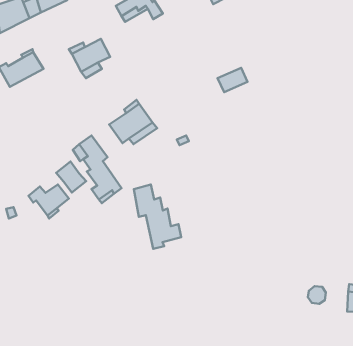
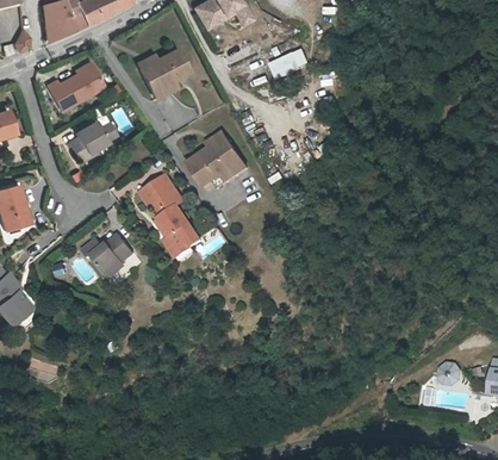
building: [218,68,248,92] -> [270,50,309,81]
building: none -> [67,122,114,162]
building: [56,161,86,192] -> none
building: [134,184,181,249] -> none

